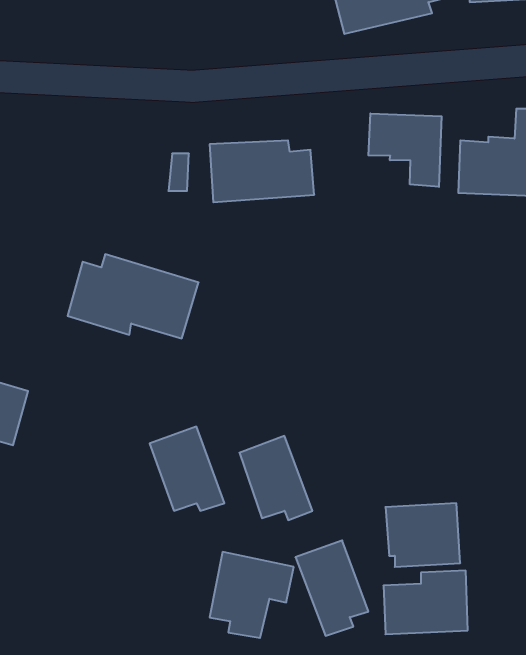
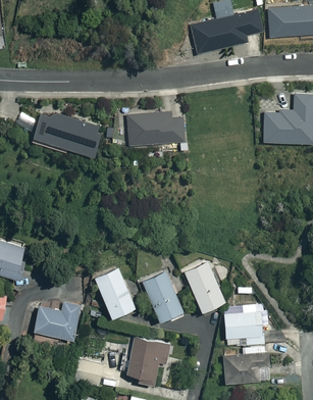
building: [368,113,442,187] -> none
building: [68,254,199,338] -> [31,108,102,154]
building: none -> [35,301,80,339]
building: [295,540,368,636] -> [185,261,224,313]

